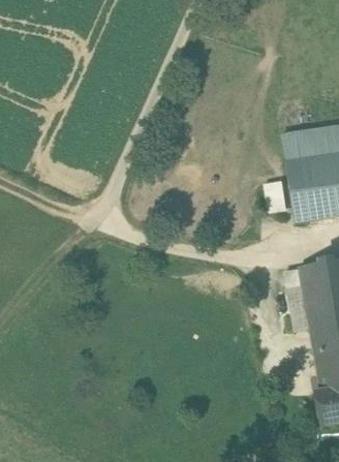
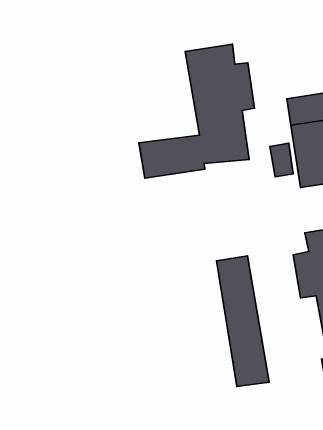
building: none -> [139,44,255,178]
building: none -> [217,256,269,386]

